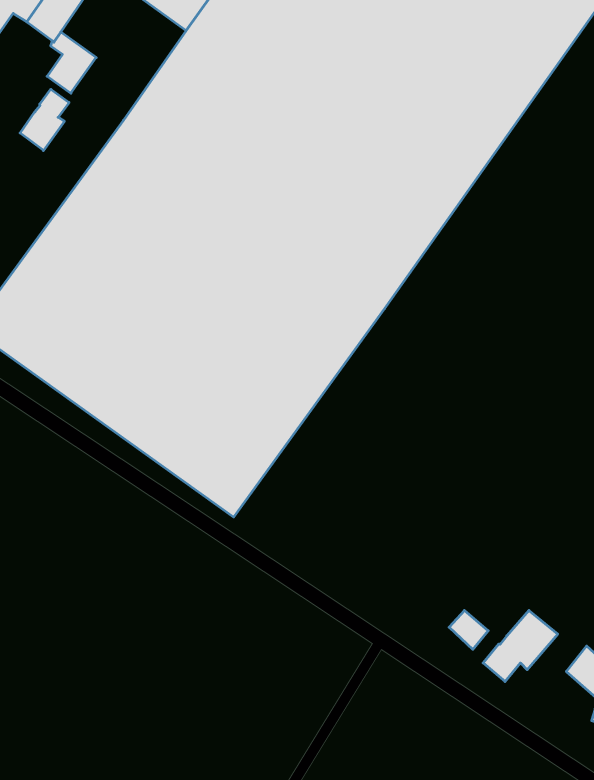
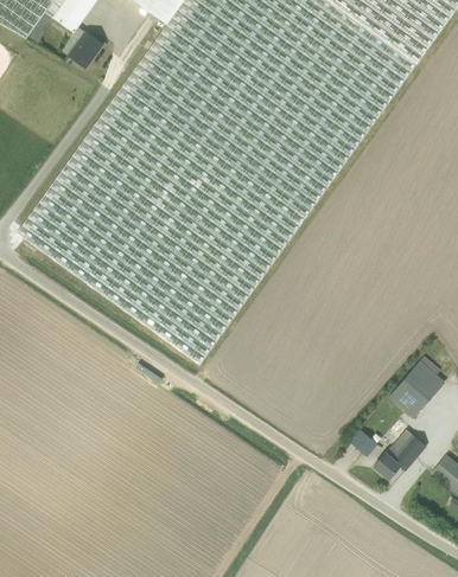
building: [20,89,69,151] -> none
building: none -> [389,359,445,416]

